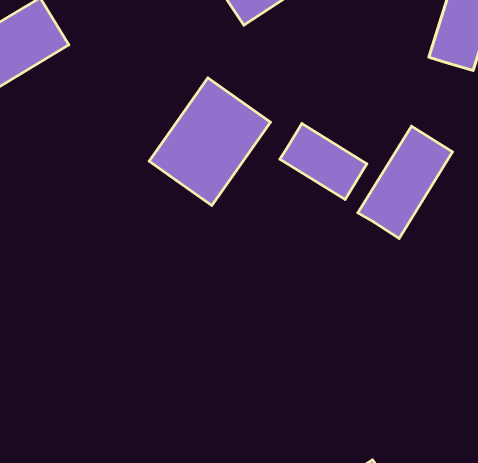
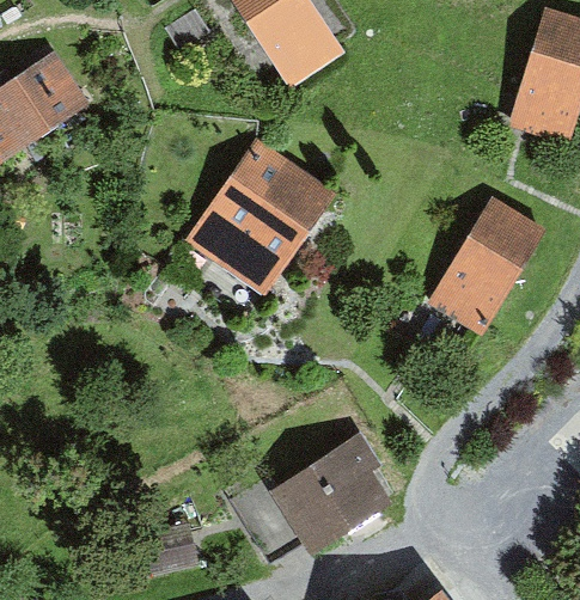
building: [280,124,367,200] -> none
building: none -> [234,434,387,567]

